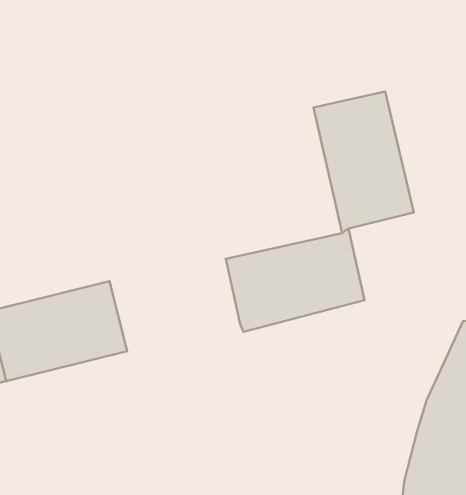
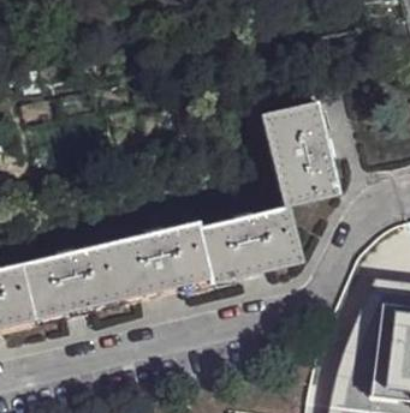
building: none -> [109,226,208,300]

